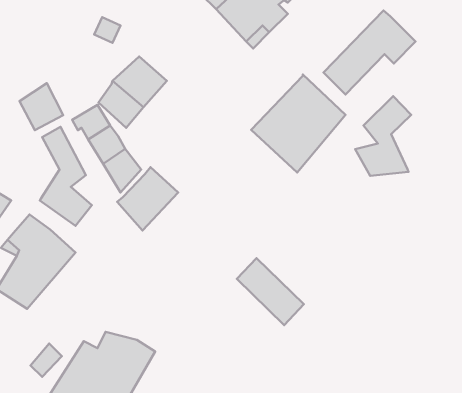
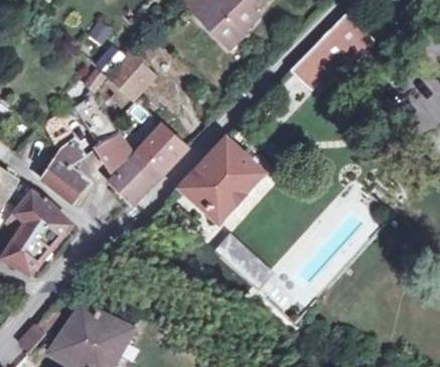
building: [251,75,346,172] -> [179,139,262,225]
building: [20,83,63,130] -> none
building: [355,96,411,176] -> none
building: none -> [139,126,187,173]

